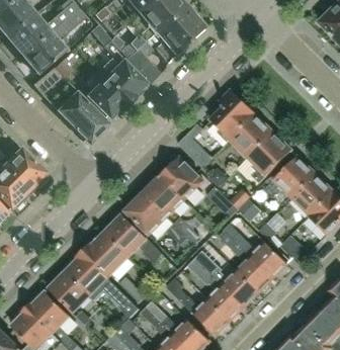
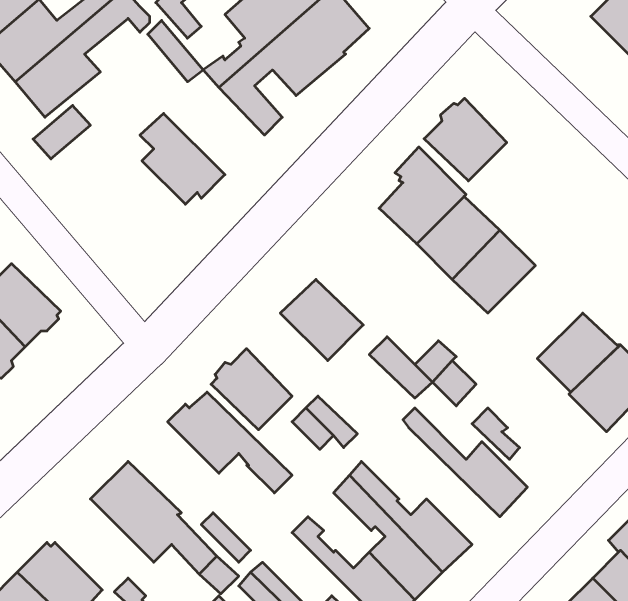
building: [100,60,147,103] -> none
building: none -> [424,98,507,181]
building: [58,90,111,144] -> none
building: [177,123,211,168] -> none
building: [273,156,315,197] -> none
building: [143,174,184,216] -> none
building: [82,230,129,276] -> none
building: [221,233,272,292] -> none
building: [48,269,89,314] -> none

